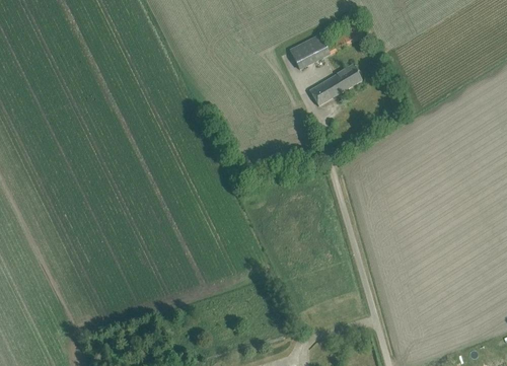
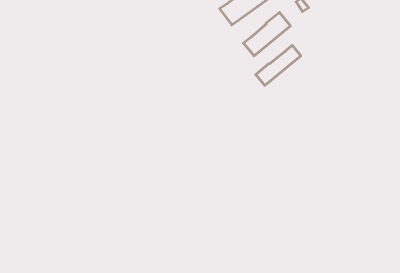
building: none -> [256,45,301,85]

